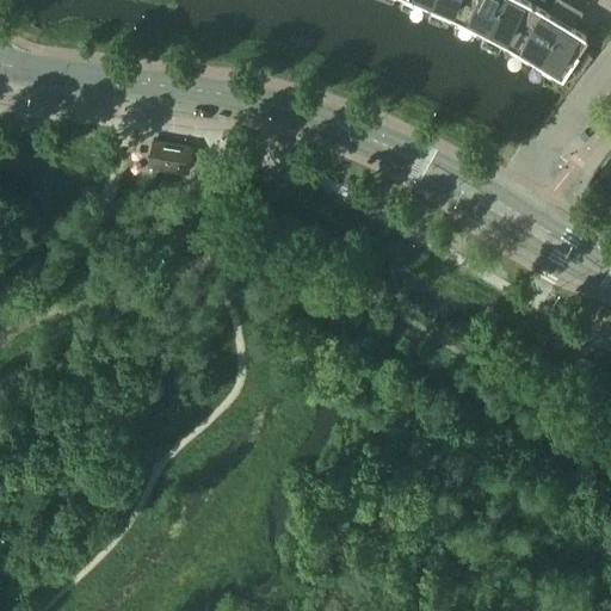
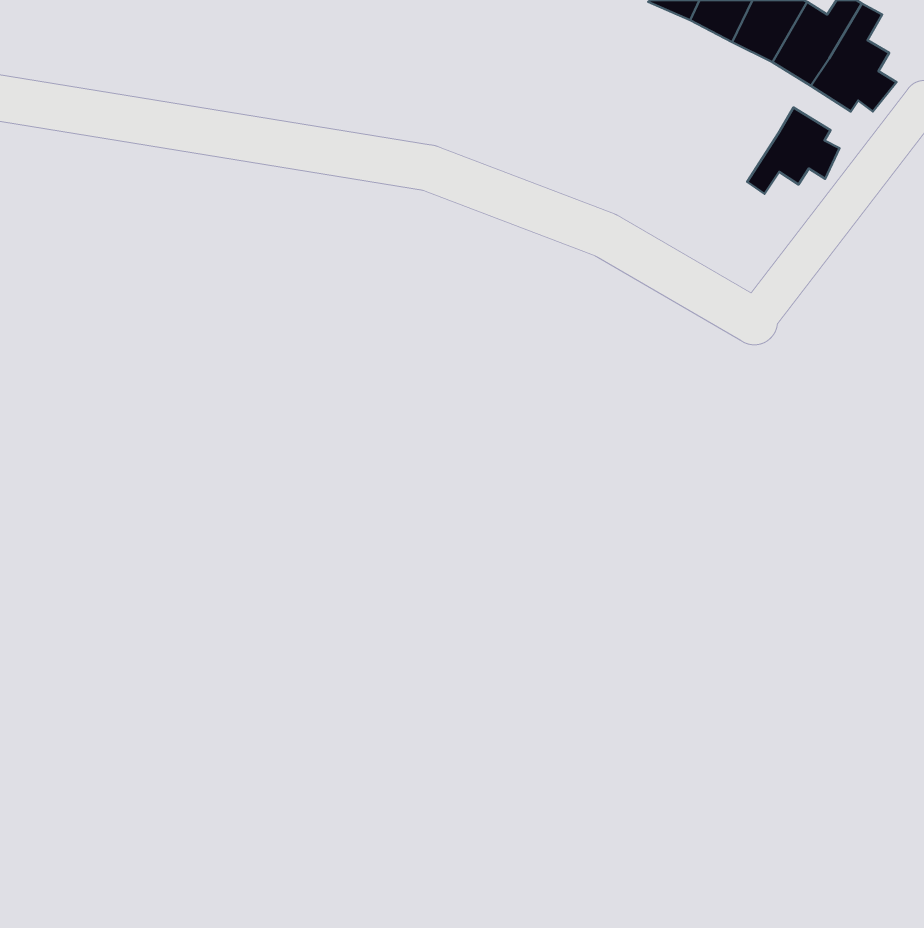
building: none -> [747,108,839,194]
building: [142,143,185,174] -> none

